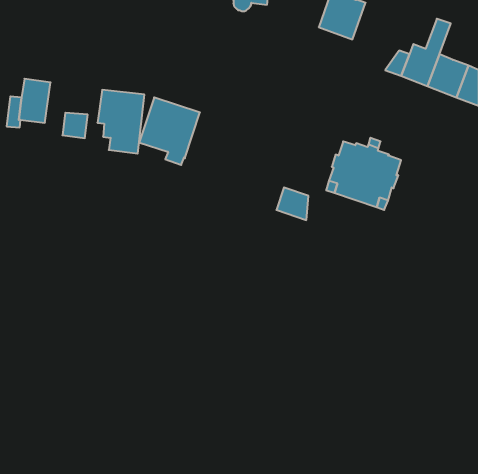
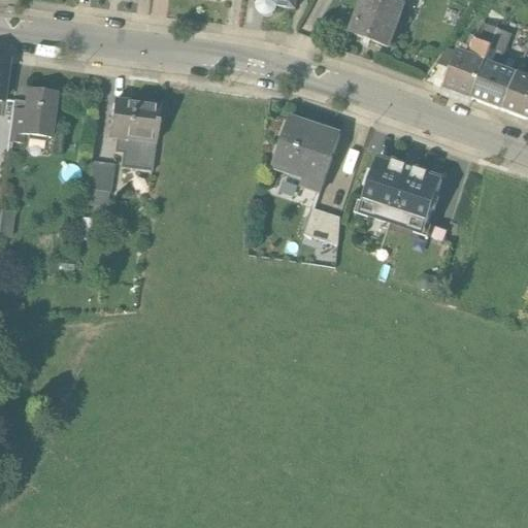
building: none -> [485,26,513,66]
building: [139,97,200,165] -> [273,116,340,190]
building: [62,113,88,138] -> [86,162,113,190]

